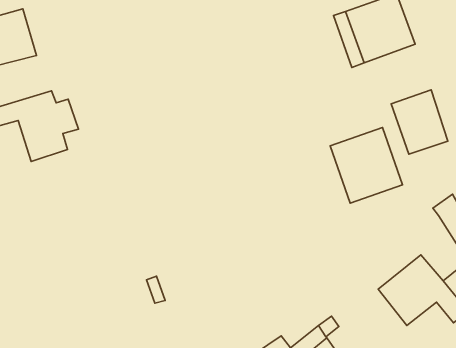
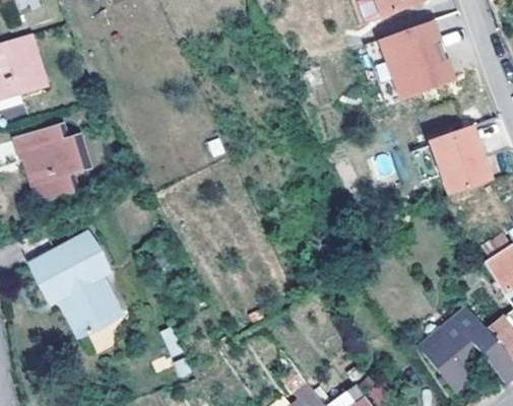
building: [330,128,402,203] -> none
building: none -> [20,229,122,337]

